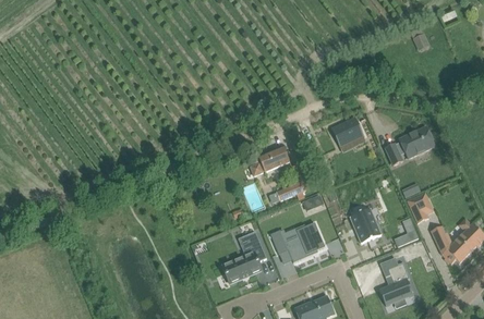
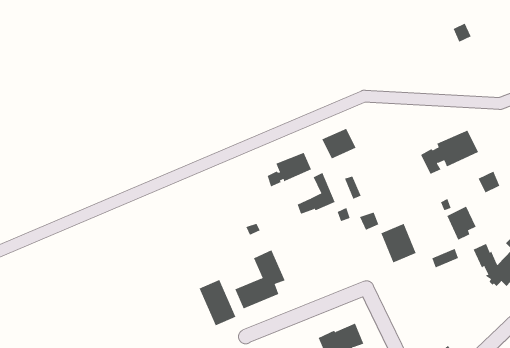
building: [331,118,362,145] -> [322,128,356,159]
building: [269,221,324,261] -> none
building: none -> [199,279,236,326]
building: [378,261,412,305] -> none

